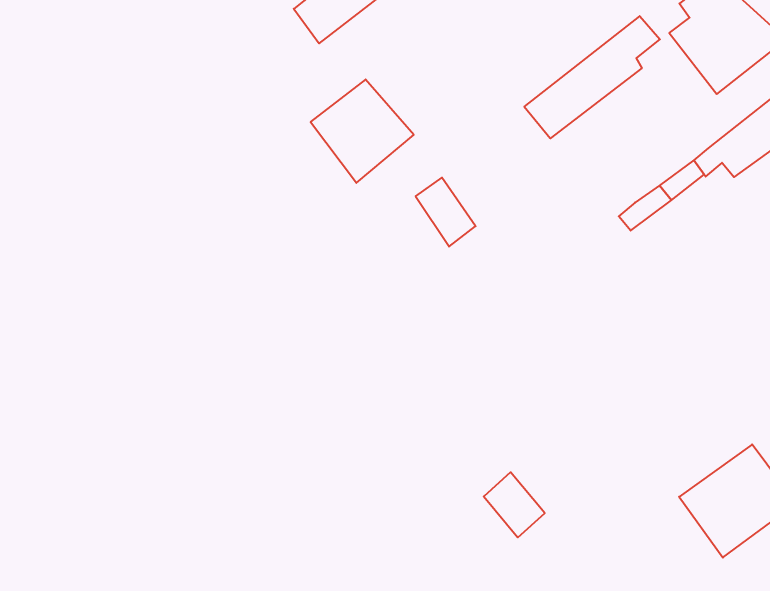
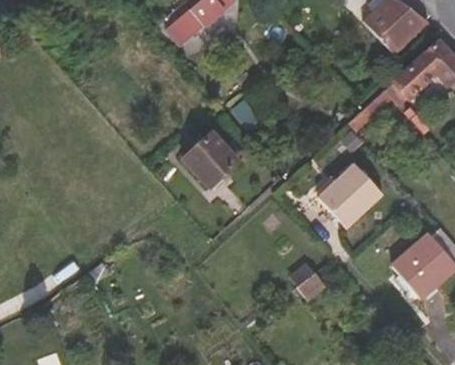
building: [524,16,660,138] -> none
building: [311,79,414,183] -> [184,133,239,188]
building: none -> [319,165,384,229]

